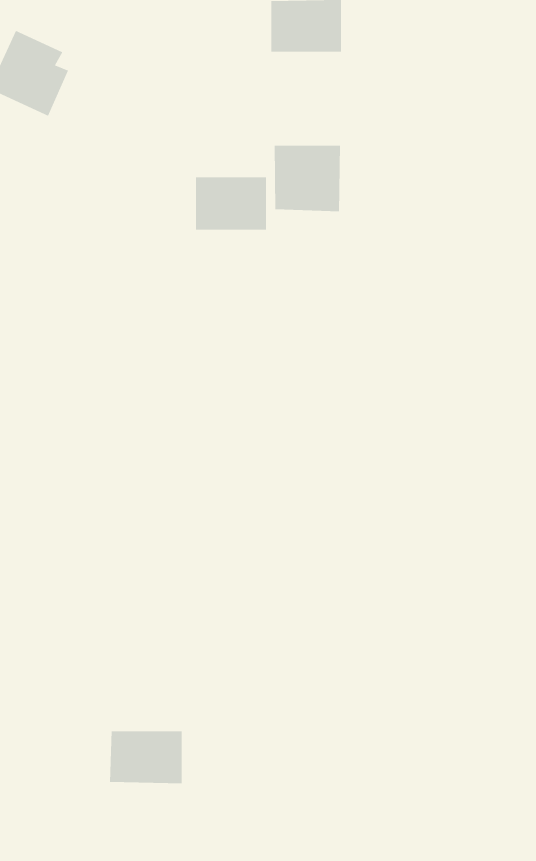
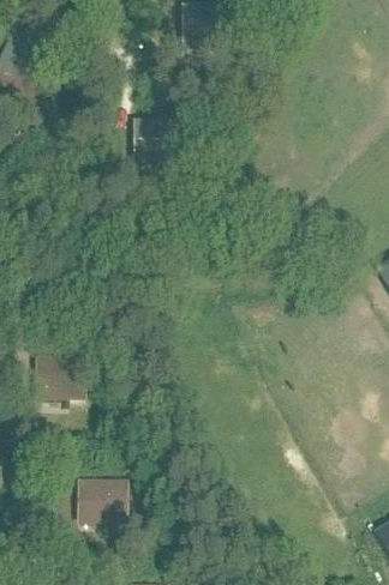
building: [274,145,341,212] -> none
building: none -> [36,361,84,396]

